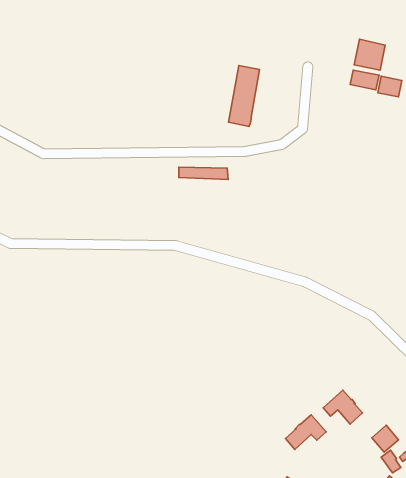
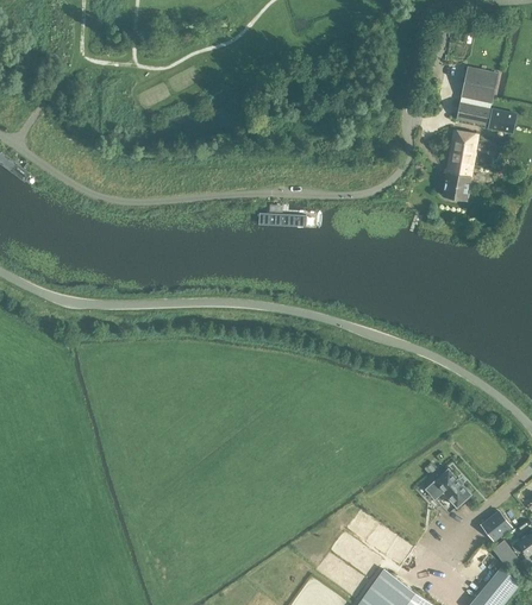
building: [228,65,259,126] -> [442,128,477,198]
building: [285,415,326,449] -> none

